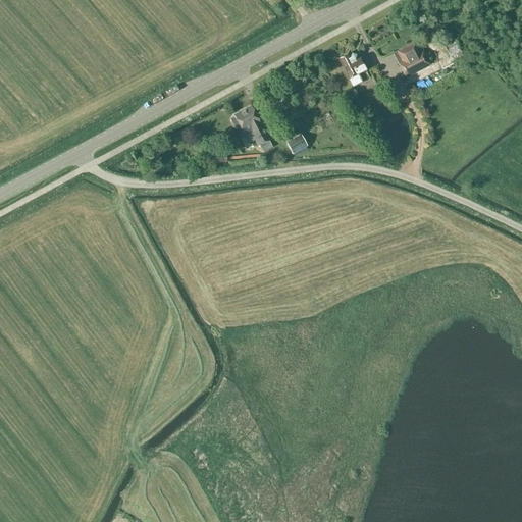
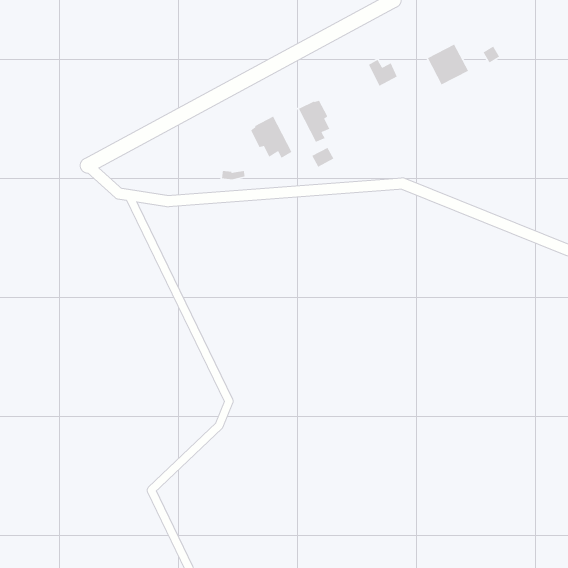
building: none -> [298,100,331,143]

